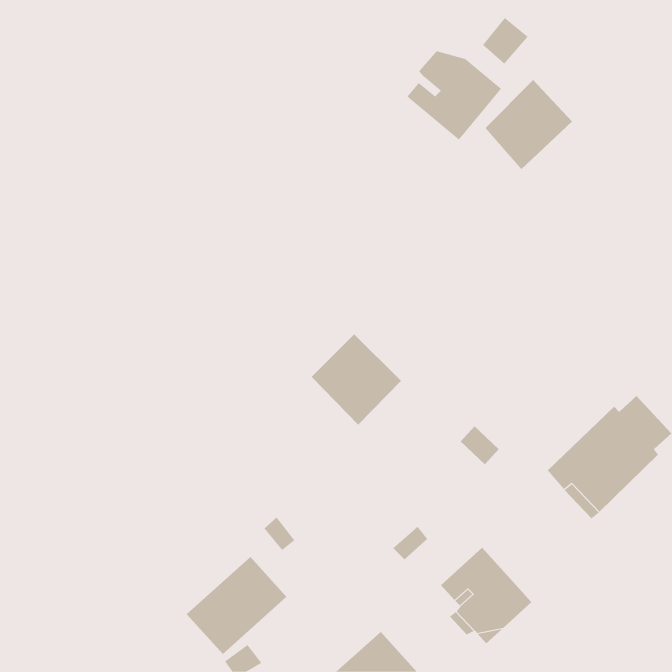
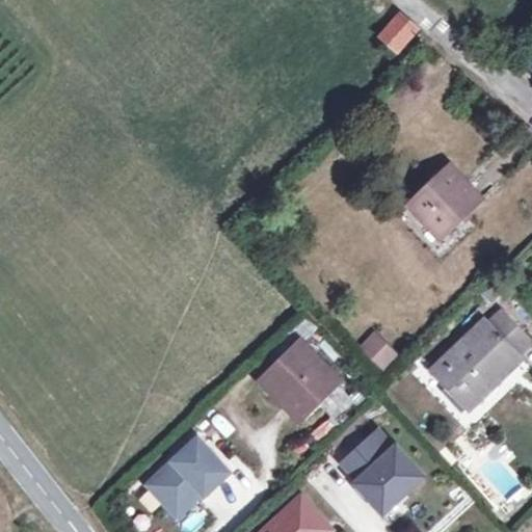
building: [406,50,502,140] -> none
building: [484,79,573,170] -> [409,166,479,238]
building: [311,333,402,426] -> [263,345,335,418]

